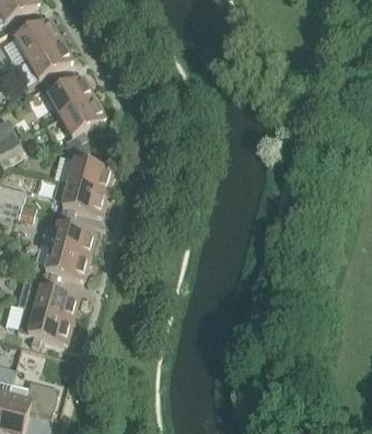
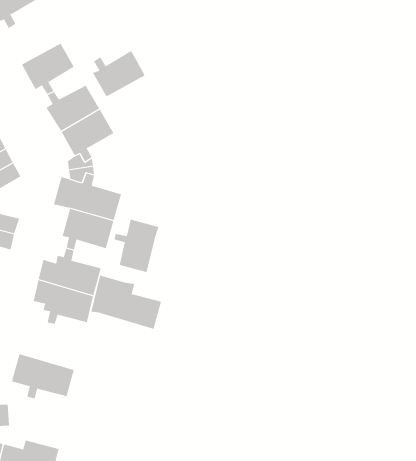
building: [13,17,59,58] -> [92,50,145,97]
building: none -> [114,219,159,273]
building: [16,273,78,320] -> [91,275,162,330]

